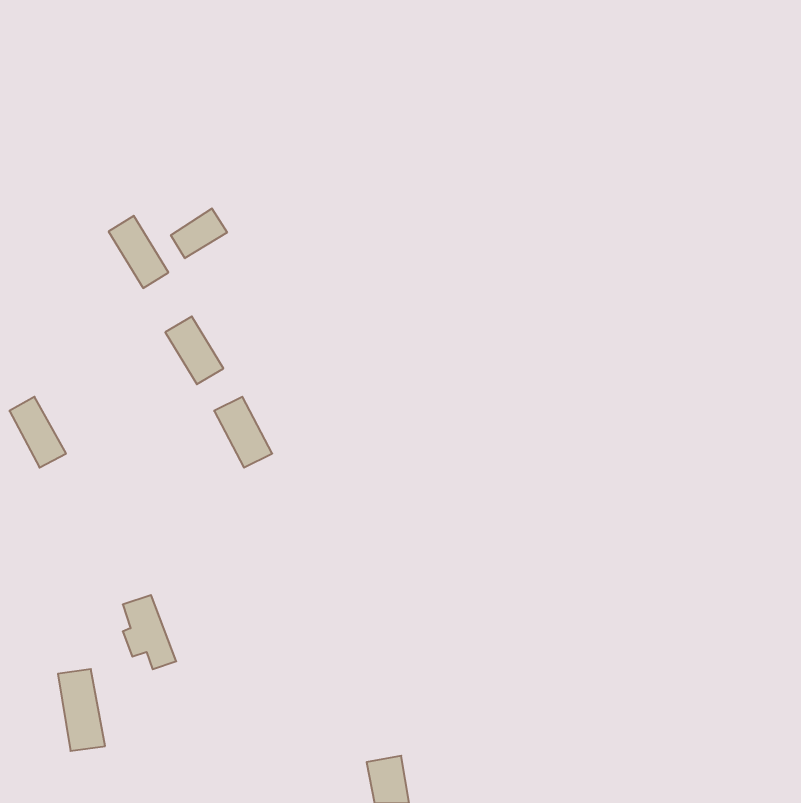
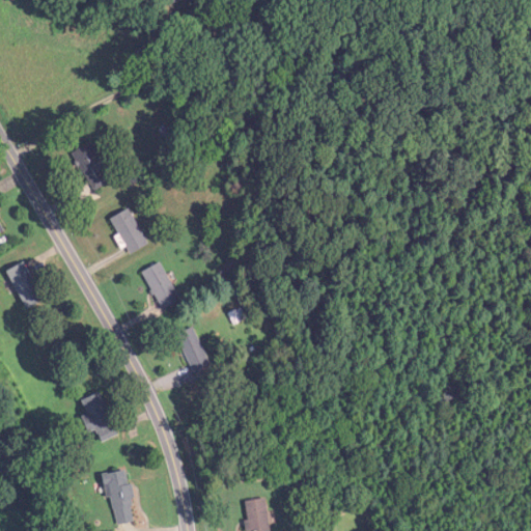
building: [171,208,227,258] -> none
building: none -> [174,327,211,372]
building: [58,669,105,751] -> [105,470,136,524]

